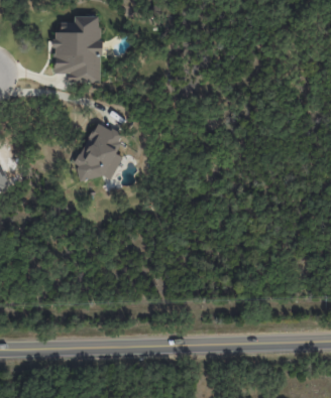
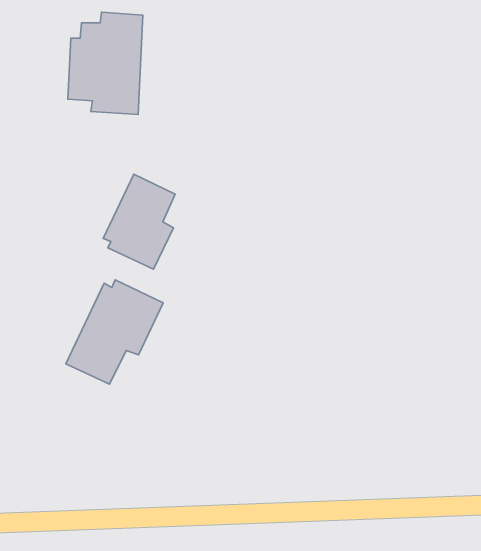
building: none -> [66,280,163,384]

